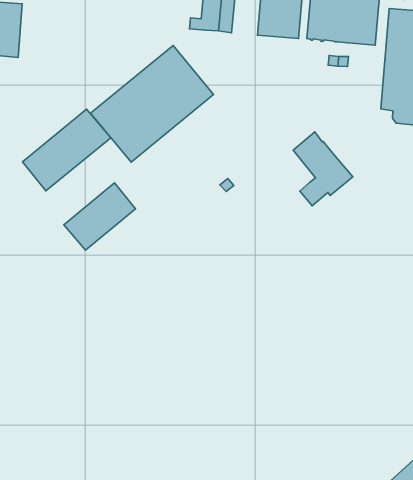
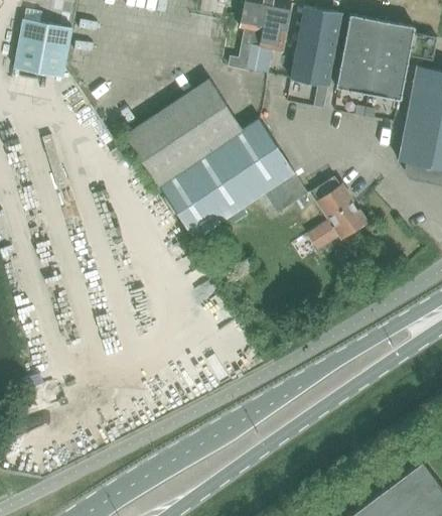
building: none -> [158,119,308,239]
building: [23,109,111,191] -> none
building: [64,183,135,250] -> none

